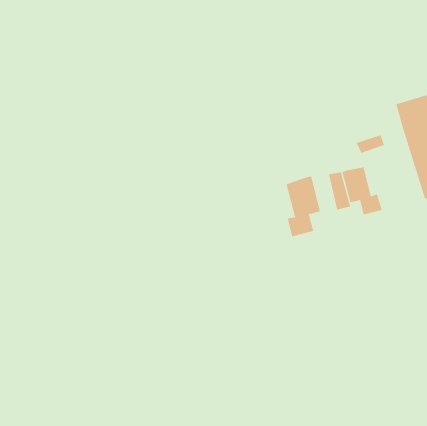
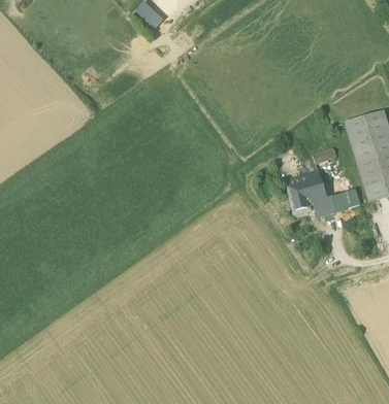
building: [286,176,320,237] -> none
building: none -> [330,190,359,211]

